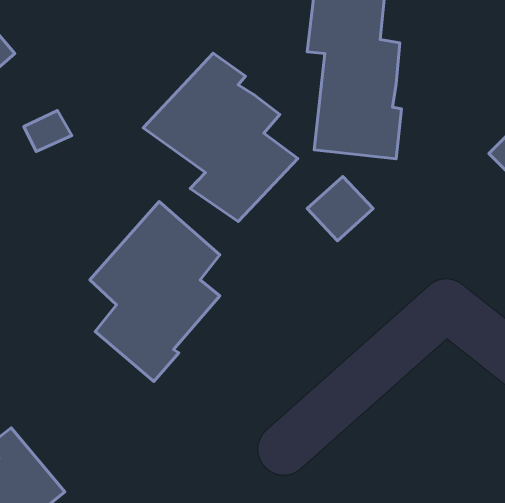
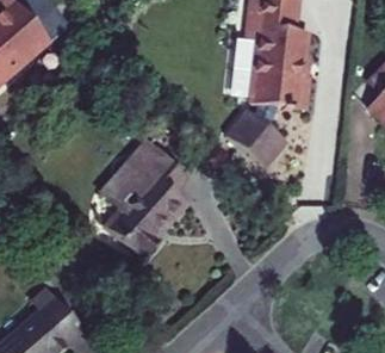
building: [143,53,298,222] -> none

